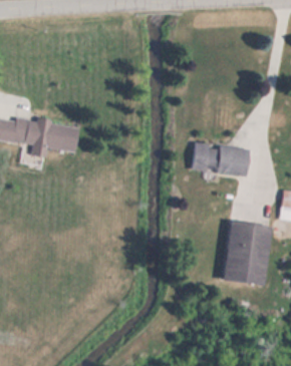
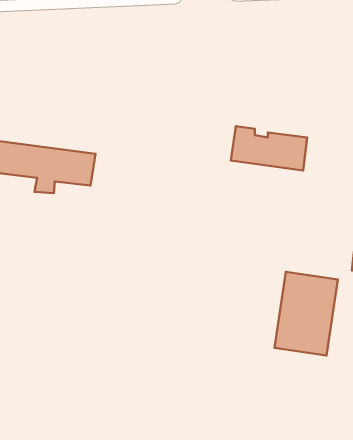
building: [191,140,251,175] -> [231,126,307,171]

